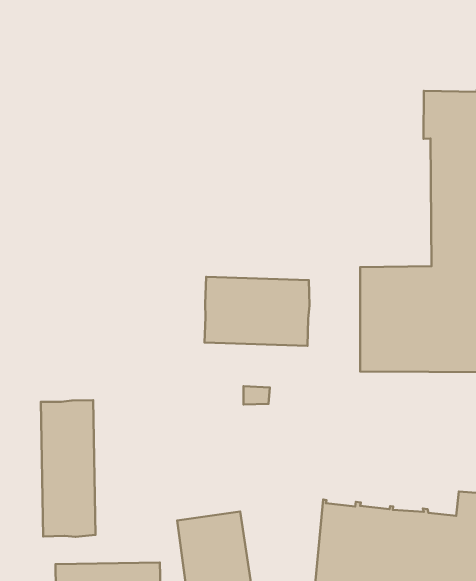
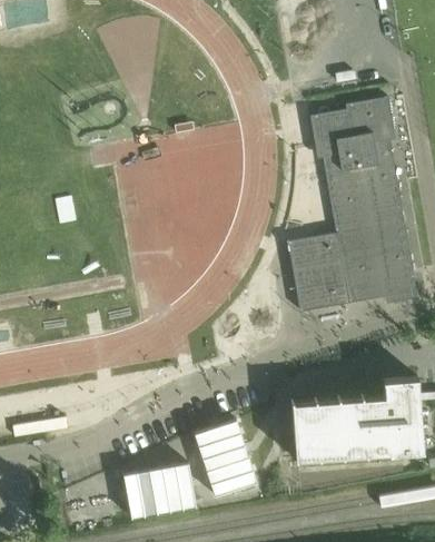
building: [204,277,309,346] -> none
building: [41,400,95,537] -> none

